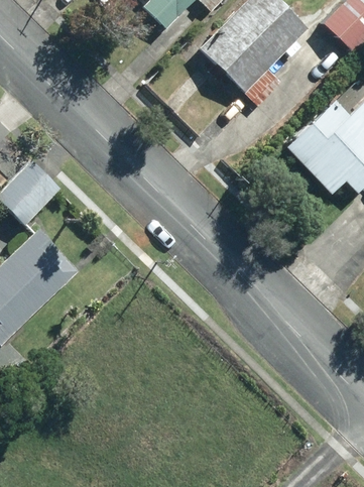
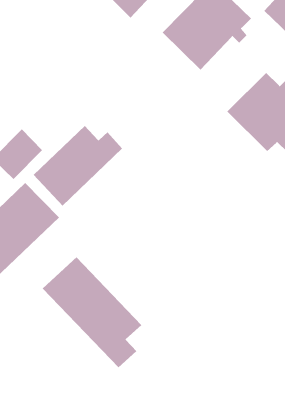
building: none -> [33,125,123,207]
building: none -> [42,256,142,368]

